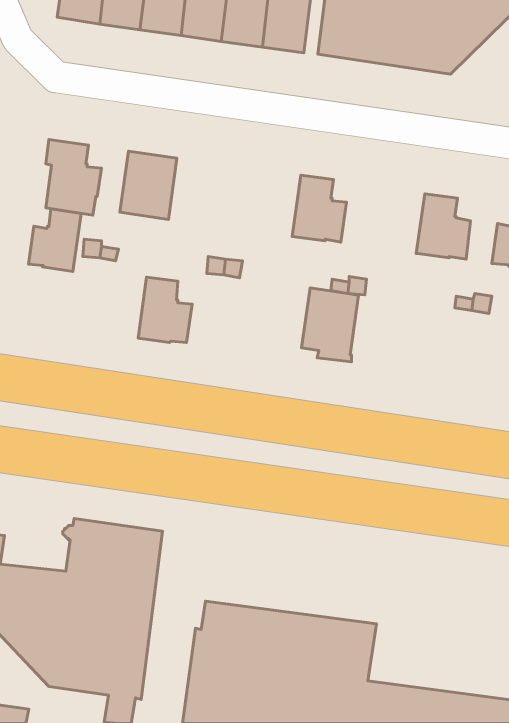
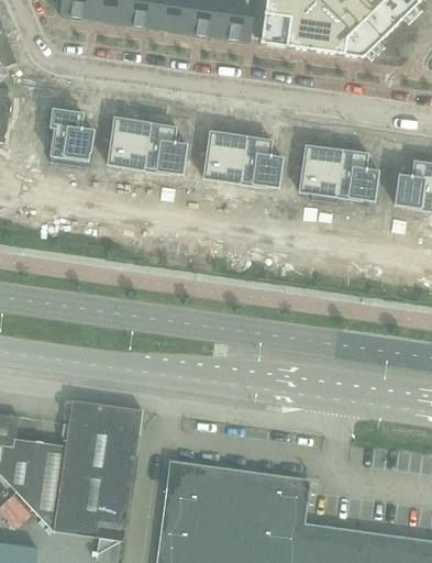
building: none -> [203,131,247,184]
building: [28,209,81,272] -> none
building: [138,277,192,343] -> [145,123,187,174]
building: [302,288,359,362] -> [299,145,343,202]

